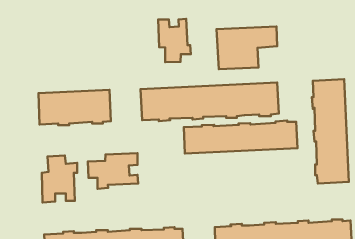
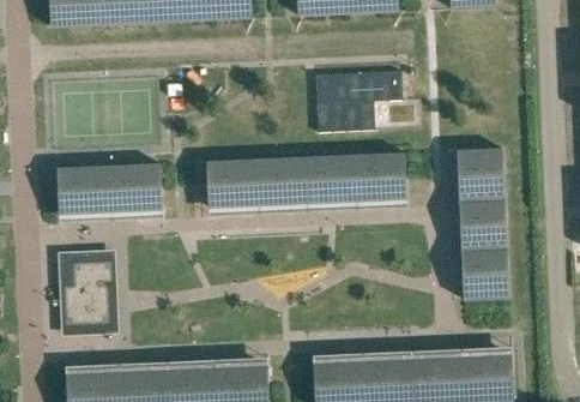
building: [158,19,191,62] -> none
building: [184,121,297,154] -> none
building: [88,153,138,189] -> none

